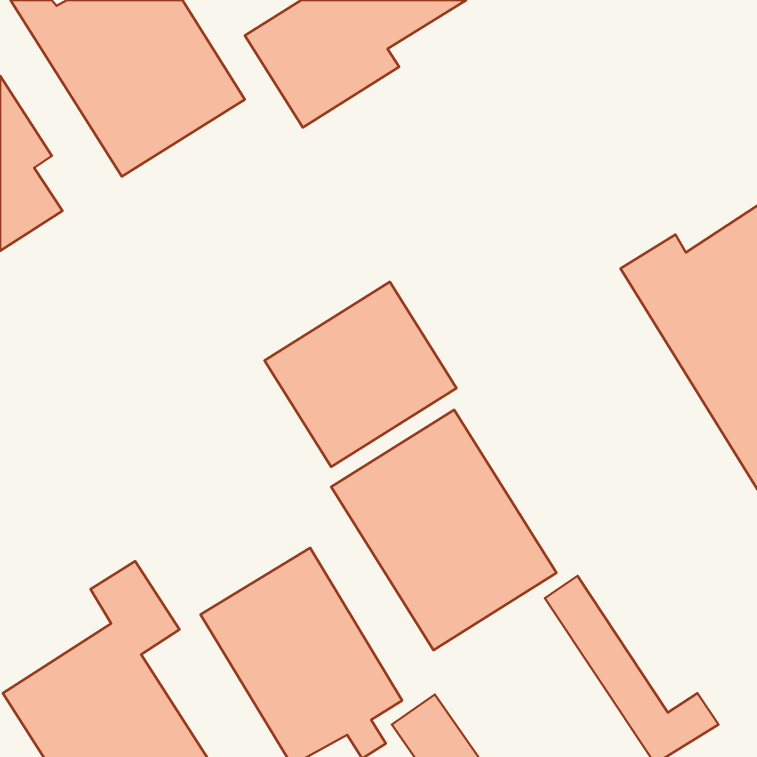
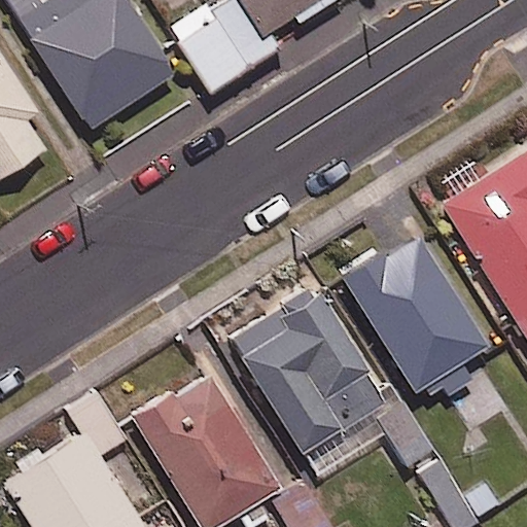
building: [265,282,457,467] -> none
building: none -> [341,233,487,392]

